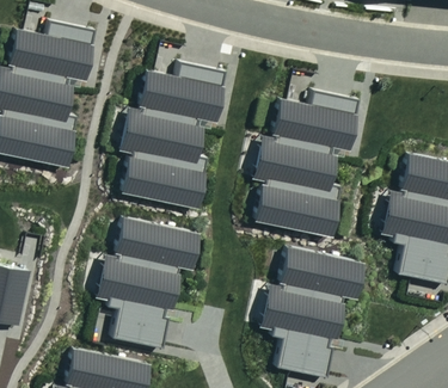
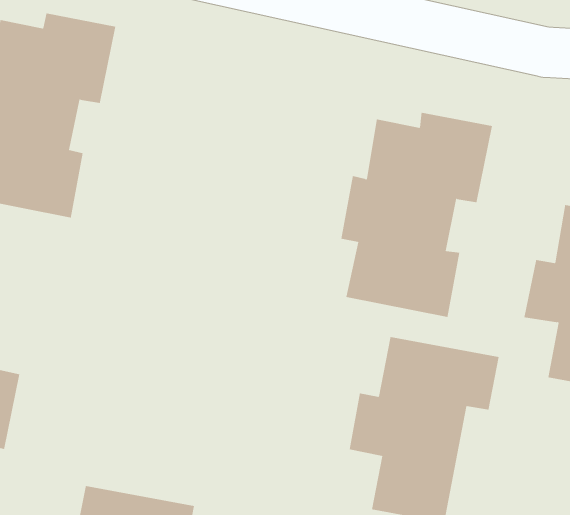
building: [121,62,227,205] -> none
building: [93,221,198,351] -> none

